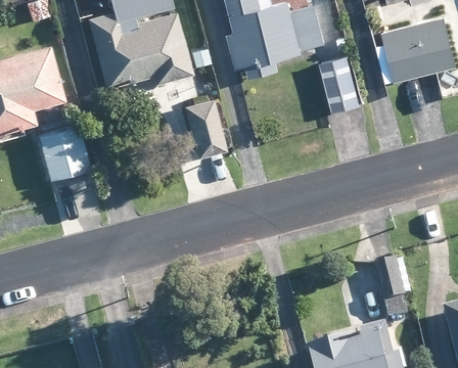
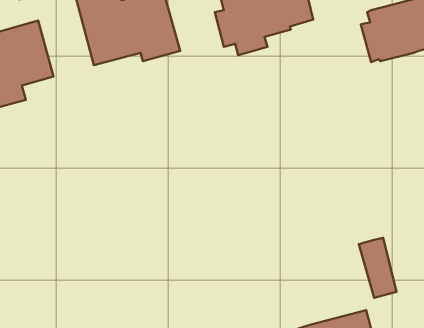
building: [319,56,361,112] -> none
building: [182,100,224,159] -> none
building: [36,126,89,181] -> none

